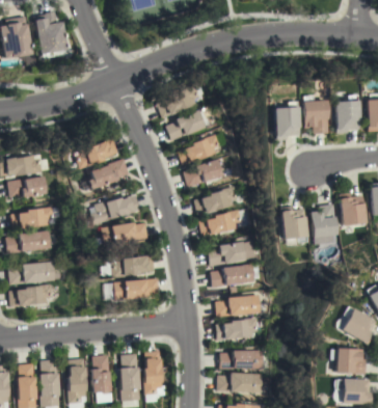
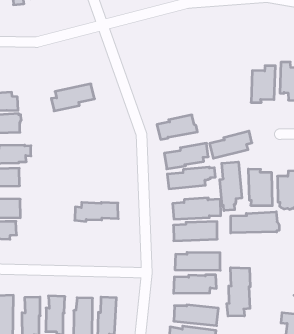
building: [158,84,201,118] -> none
building: [167,110,208,140] -> none
building: [179,134,221,165] -> [210,131,252,158]
building: [87,158,129,190] -> none
building: [88,195,140,224] -> none
building: none -> [220,162,242,211]
building: [101,222,148,246] -> none
building: none -> [231,212,279,233]
building: [113,278,160,300] -> none
building: none -> [227,268,250,316]

